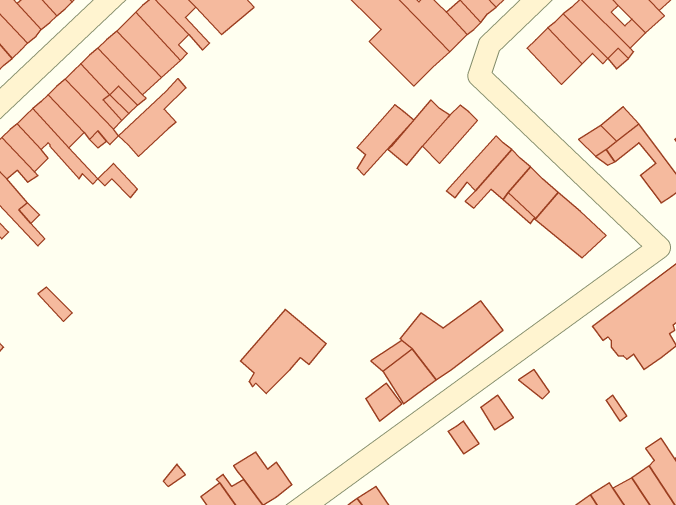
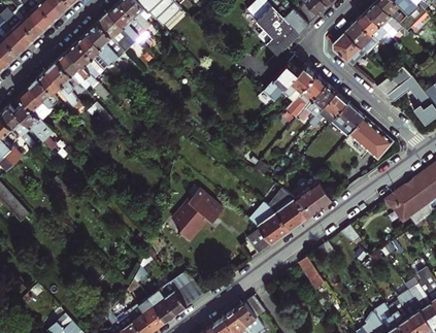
building: none -> [334,33,365,66]
building: [119,79,186,156] -> none
building: [357,105,414,175] -> [293,76,327,119]

